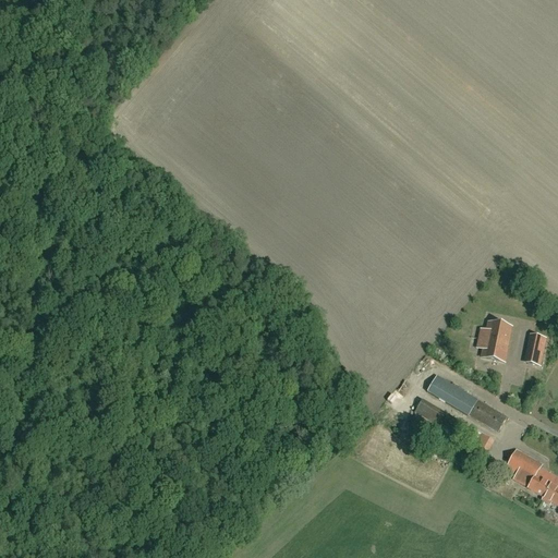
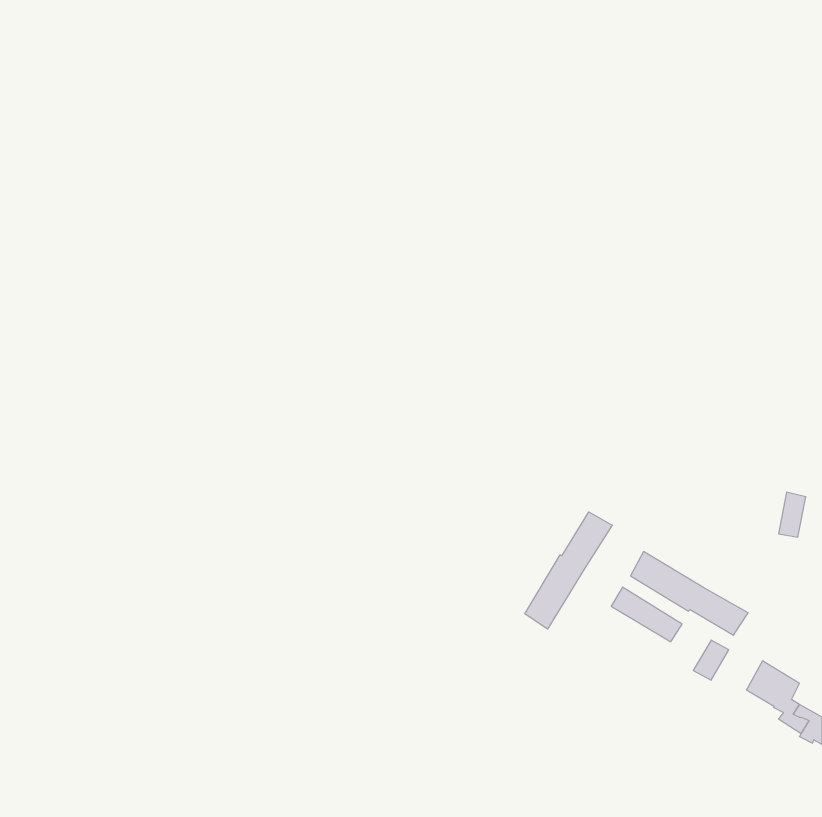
building: [481,322,511,361] -> none
building: none -> [525,512,612,629]

